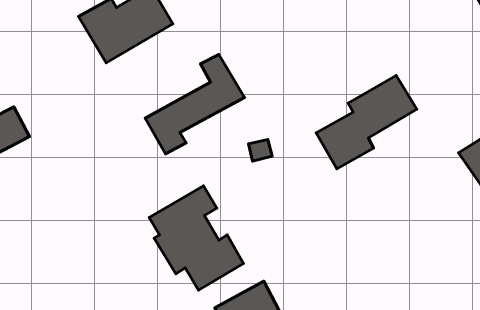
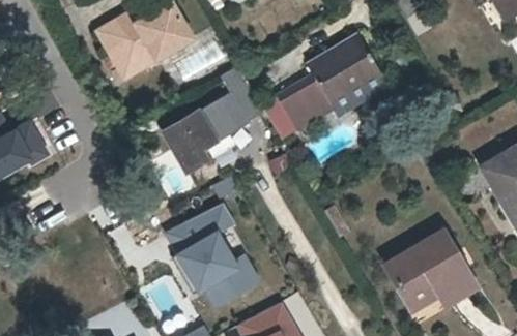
building: [316,75,417,169] -> [275,38,376,132]
building: none -> [384,235,475,306]

